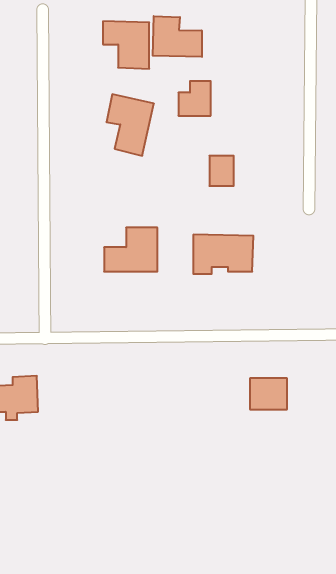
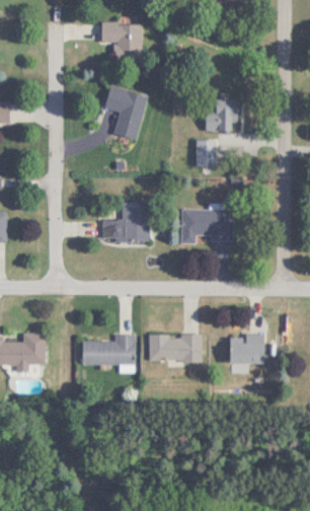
building: [153,16,202,57] -> none
building: [178,81,211,116] -> [206,101,234,132]
building: none -> [149,335,202,361]
building: none -> [82,336,135,365]

